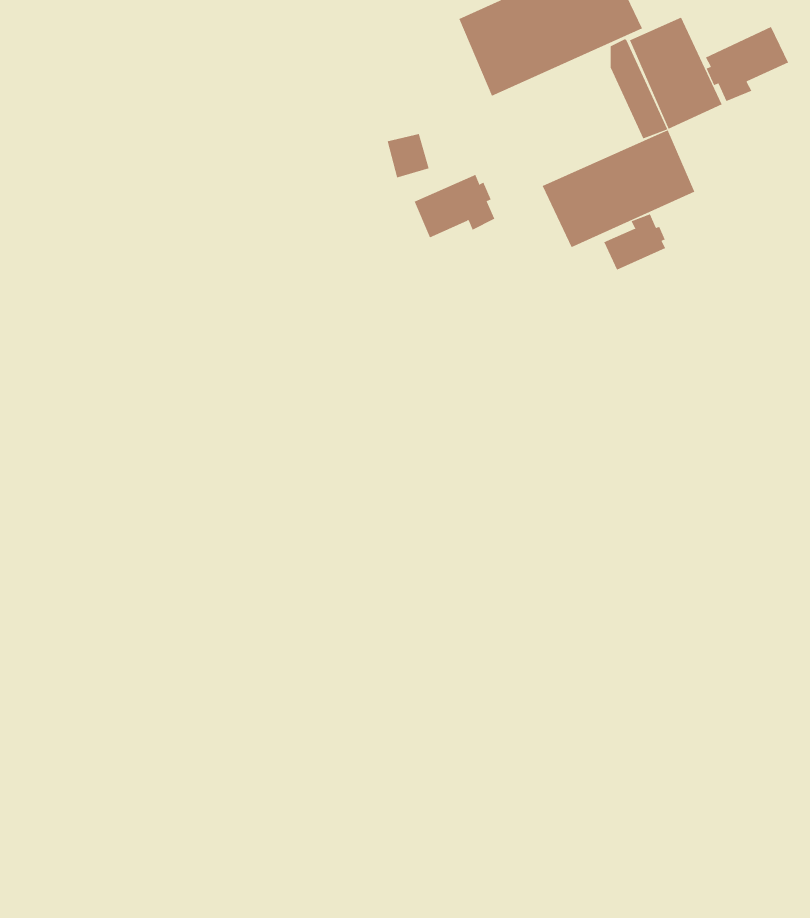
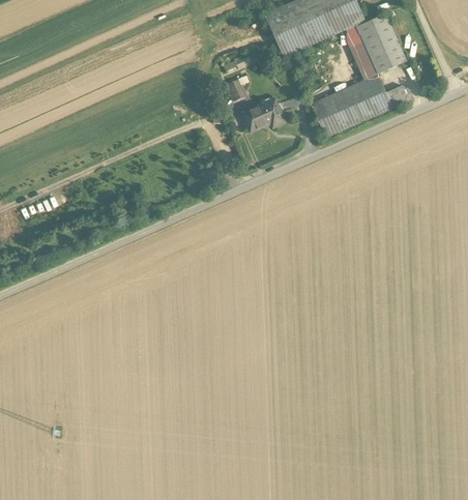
building: [705,26,789,102] -> none
building: [604,213,666,270] -> none

